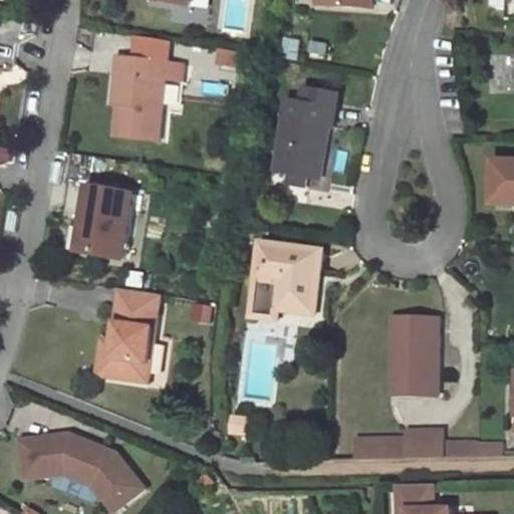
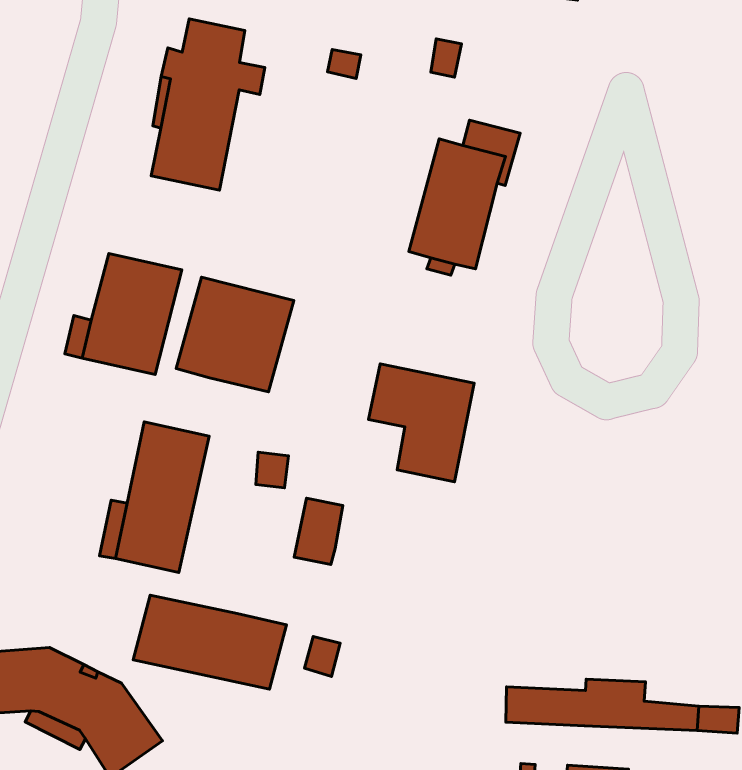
building: none -> [176,277,294,392]
building: [253,277,281,317] -> [294,498,343,564]
building: [391,316,438,394] -> none
building: none -> [133,595,286,689]

